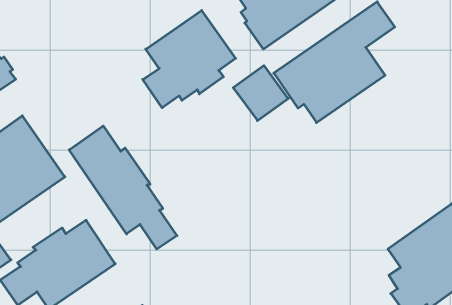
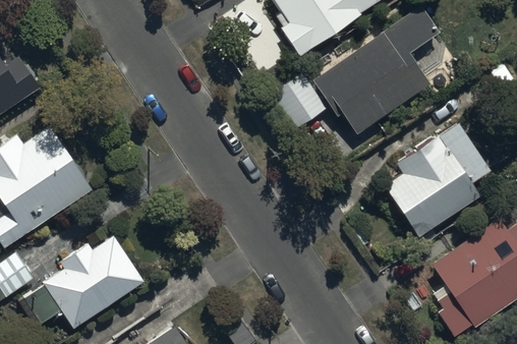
building: [143,10,236,108] -> none
building: none -> [383,120,492,237]
building: [69,126,177,249] -> none

